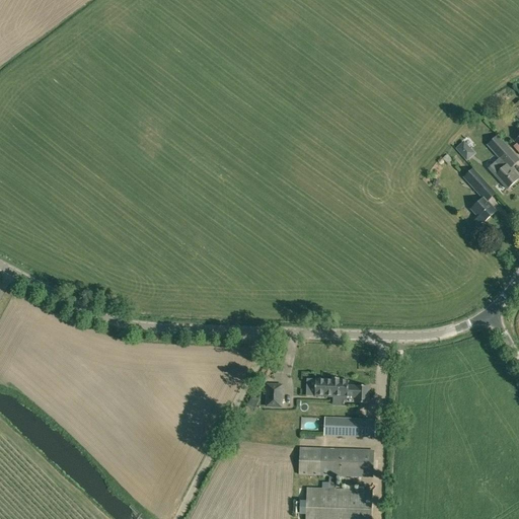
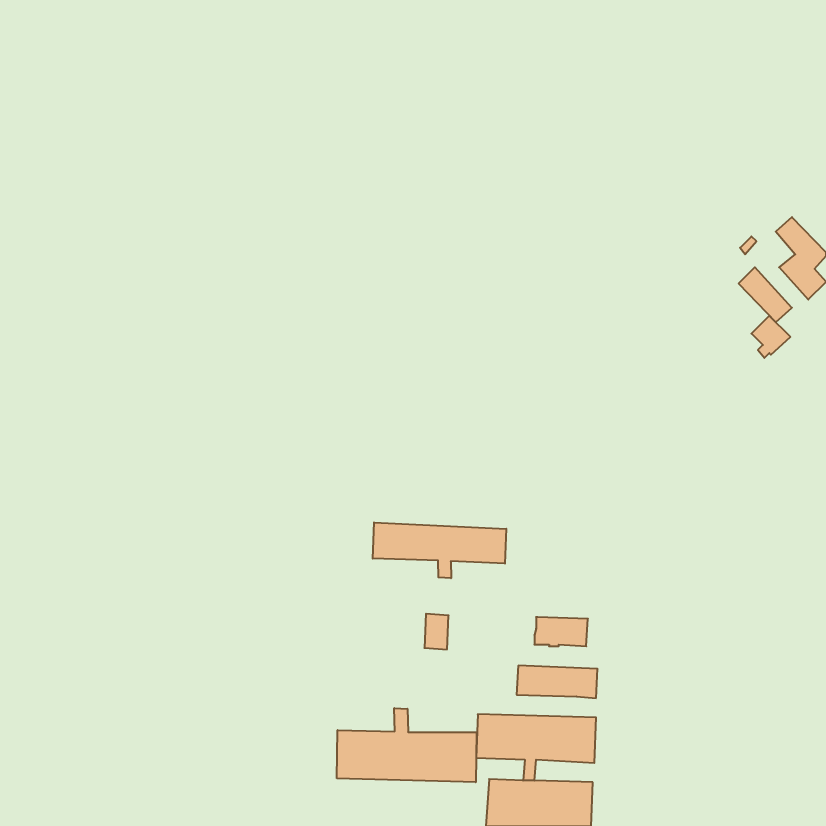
building: none -> [373,522,506,578]
building: [313,379,337,397] -> none
building: none -> [337,708,477,782]

